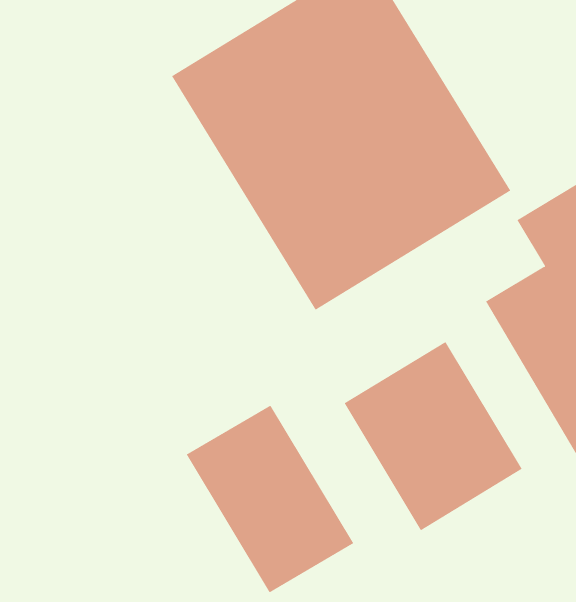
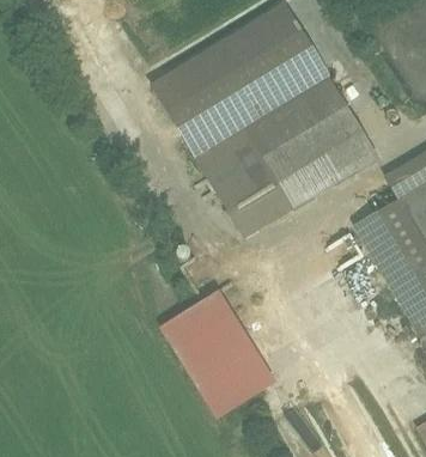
building: [344,341,522,531] -> none

